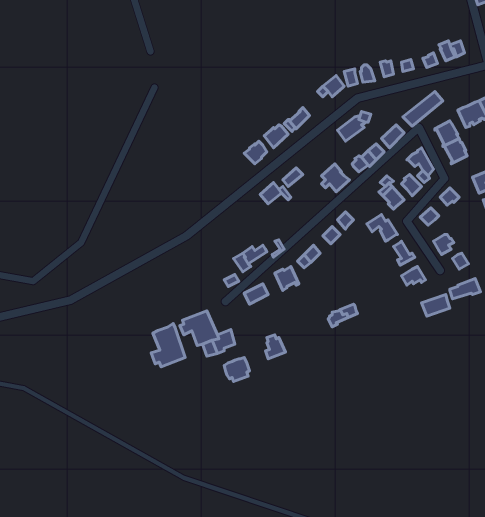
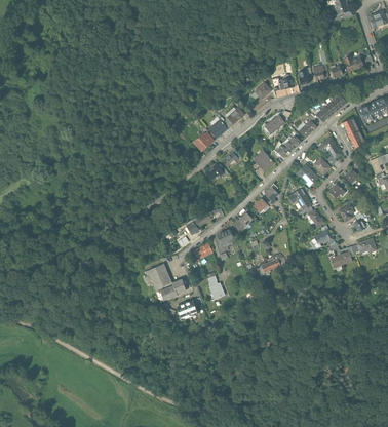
building: [151,323,185,367] -> none

